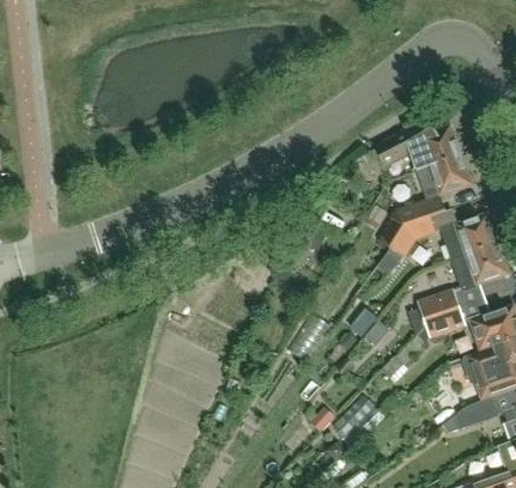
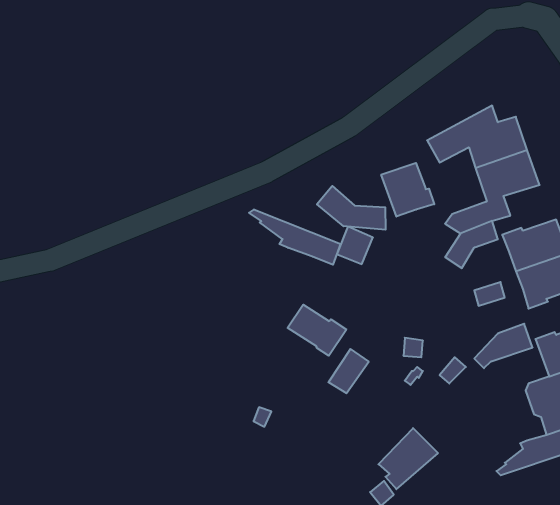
building: none -> [381,163,434,217]
building: none -> [317,186,386,230]
building: none -> [249,209,340,265]
building: [408,288,460,335] -> none
building: none -> [288,305,346,356]

